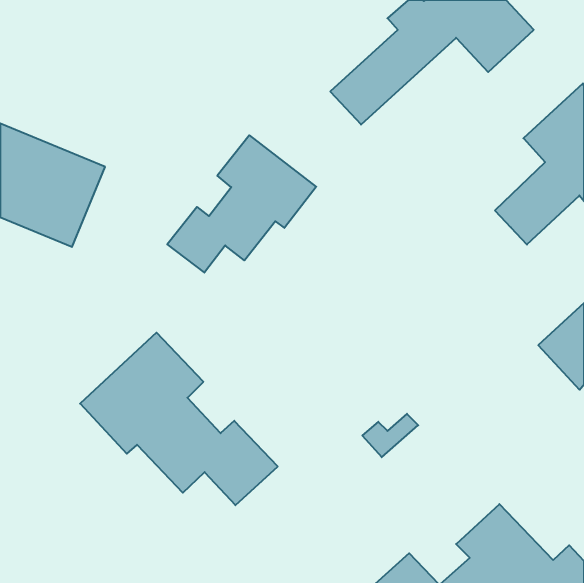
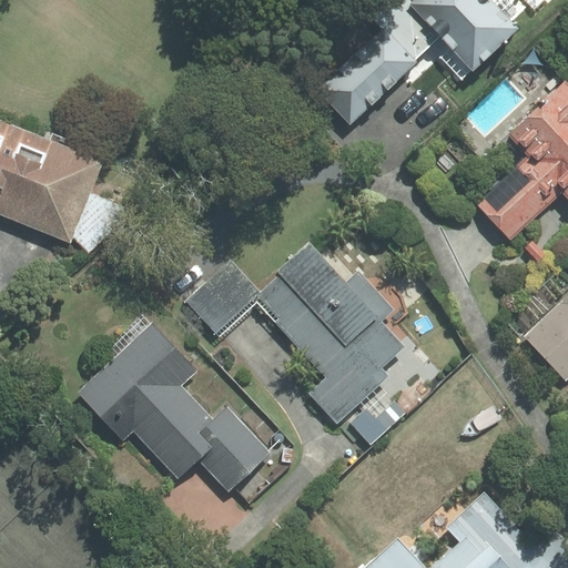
building: [167,135,316,273] -> none
building: none -> [189,245,405,426]

